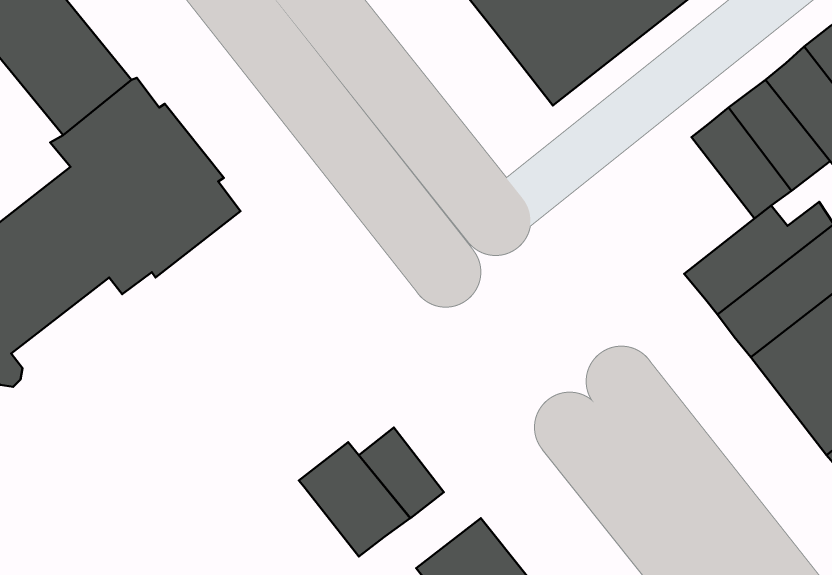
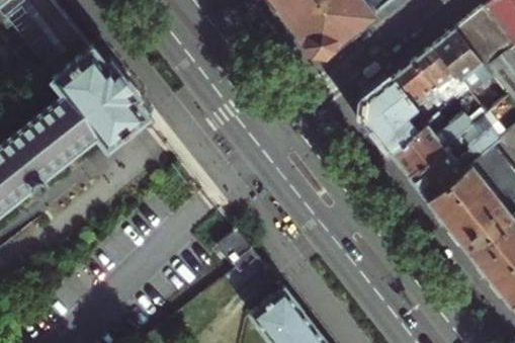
building: none -> [364,78,430,153]
building: [299,442,410,557] -> none

